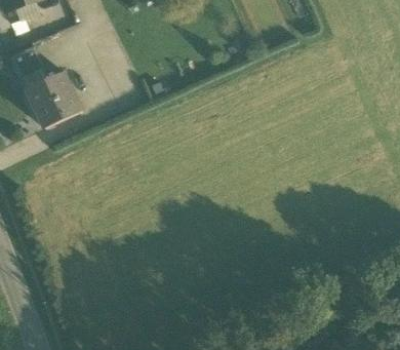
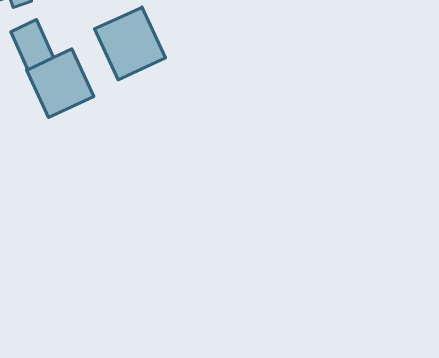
building: none -> [94,7,165,80]

